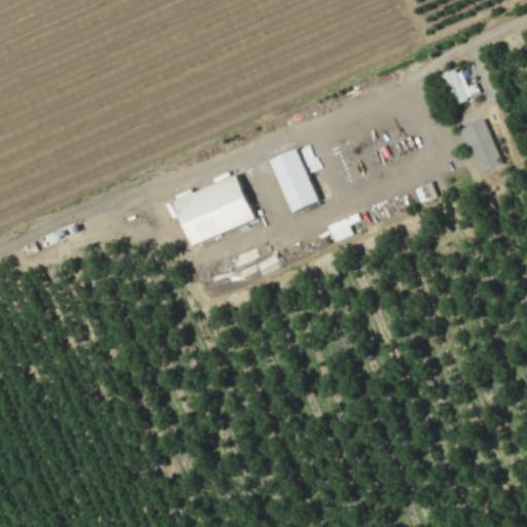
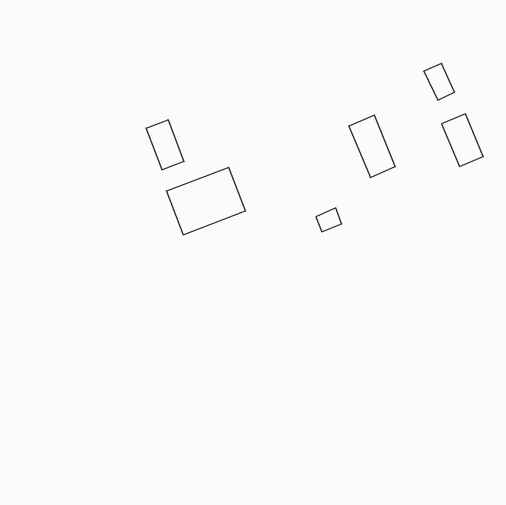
building: none -> [146,120,184,170]
building: [270,147,318,212] -> [349,115,395,178]

